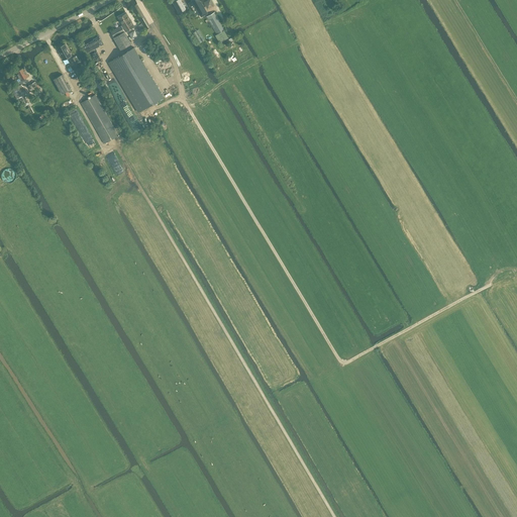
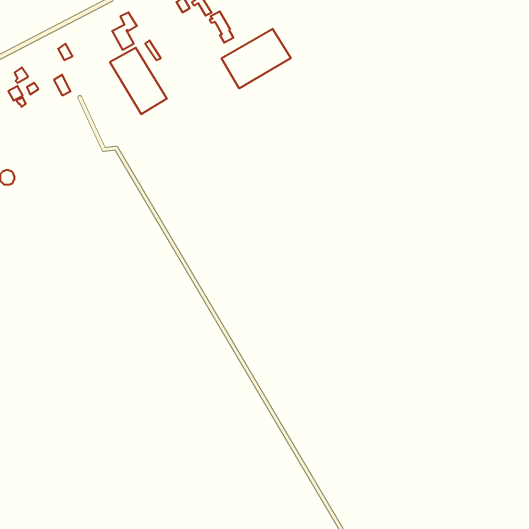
building: none -> [221,29,291,88]
building: [80,94,117,142] -> none

